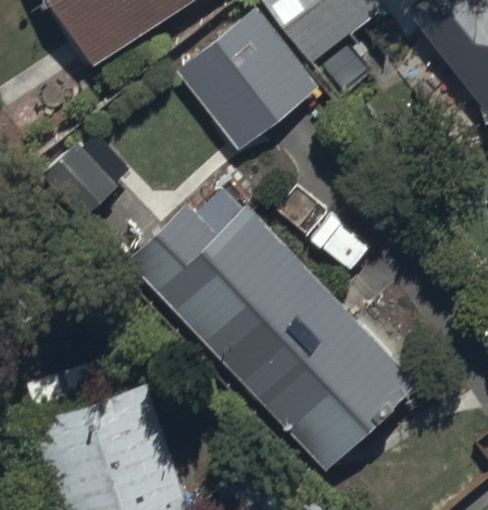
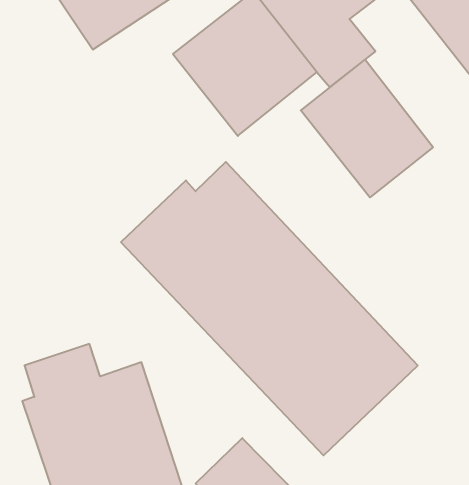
building: none -> [301,60,433,197]

